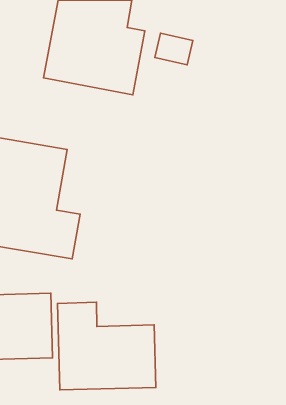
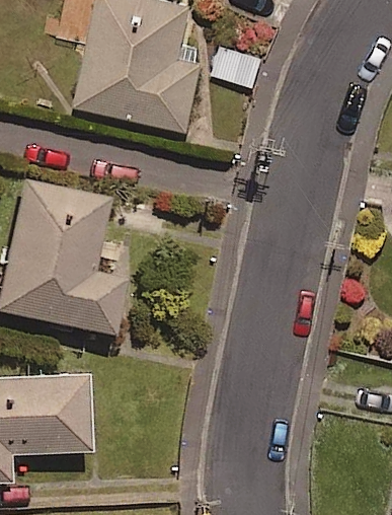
building: [58,302,156,390] -> none

